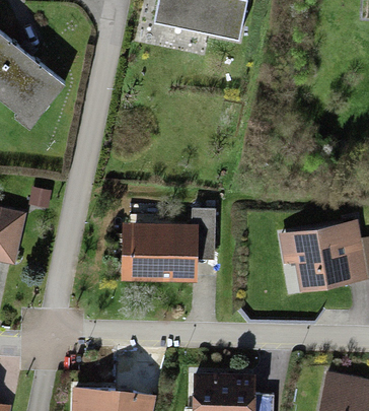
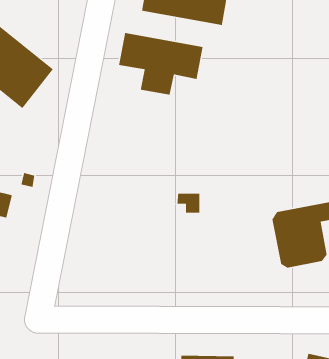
building: none -> [118,32,204,95]
building: [131,228,195,279] -> none

